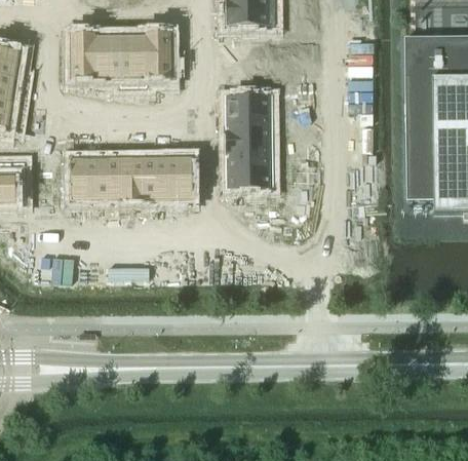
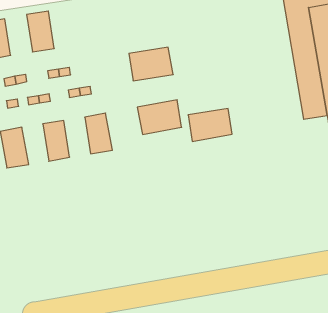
building: [96,33,121,75] -> none
building: [146,33,171,75] -> none
building: [227,124,272,154] -> [188,109,232,141]
building: [96,156,120,198] -> none
building: [144,156,167,197] -> none

